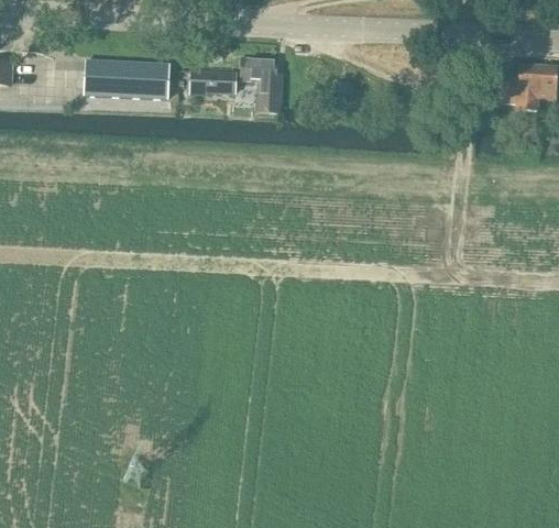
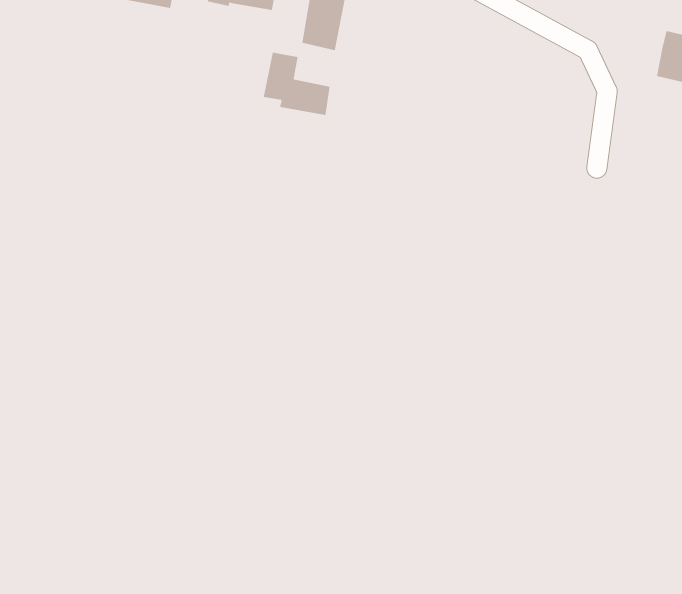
building: none -> [263,52,330,116]

